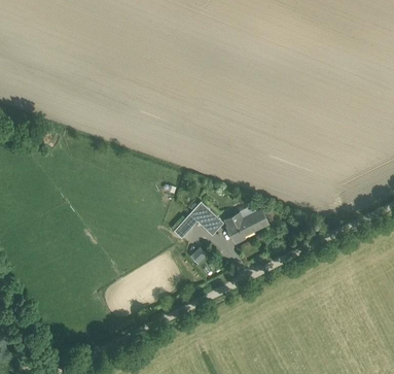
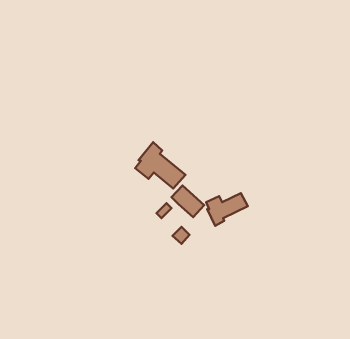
building: none -> [135,142,185,188]

